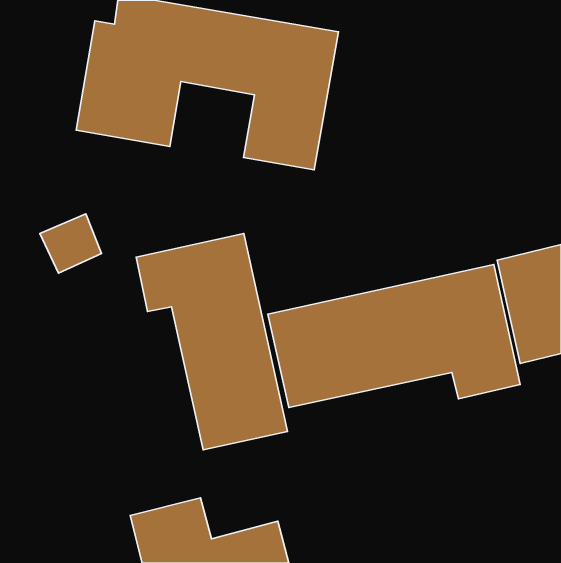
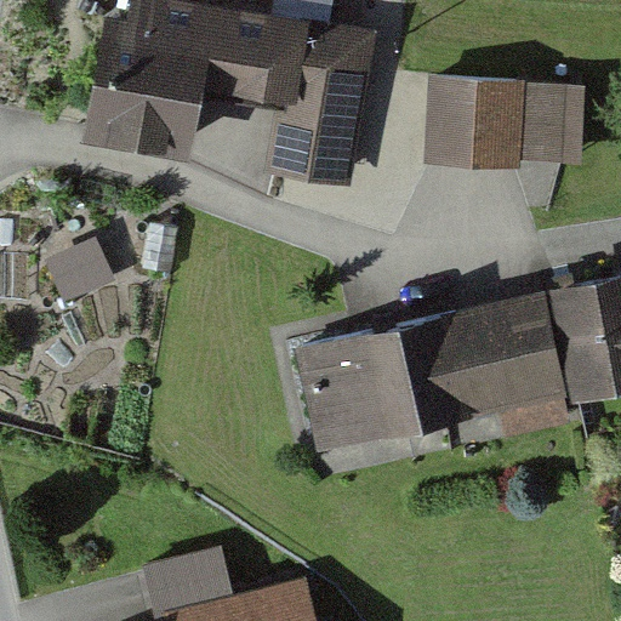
building: none -> [425,74,585,169]
building: [136,233,287,450] -> none

